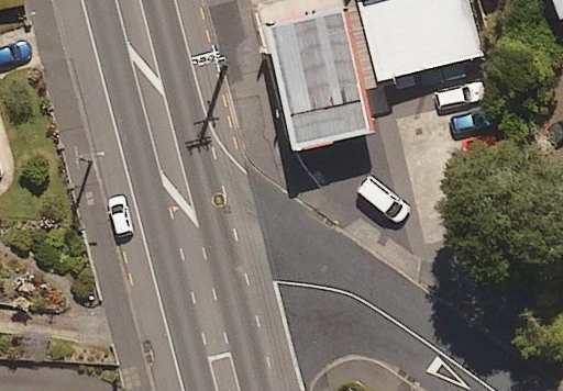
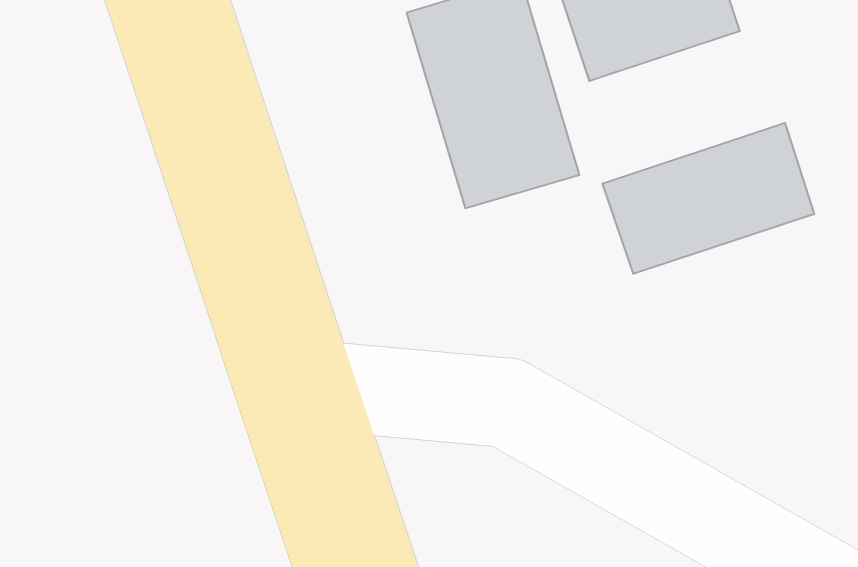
building: none -> [603,123,814,274]

